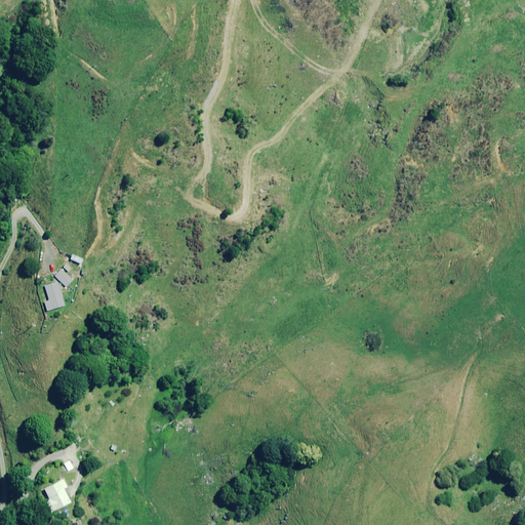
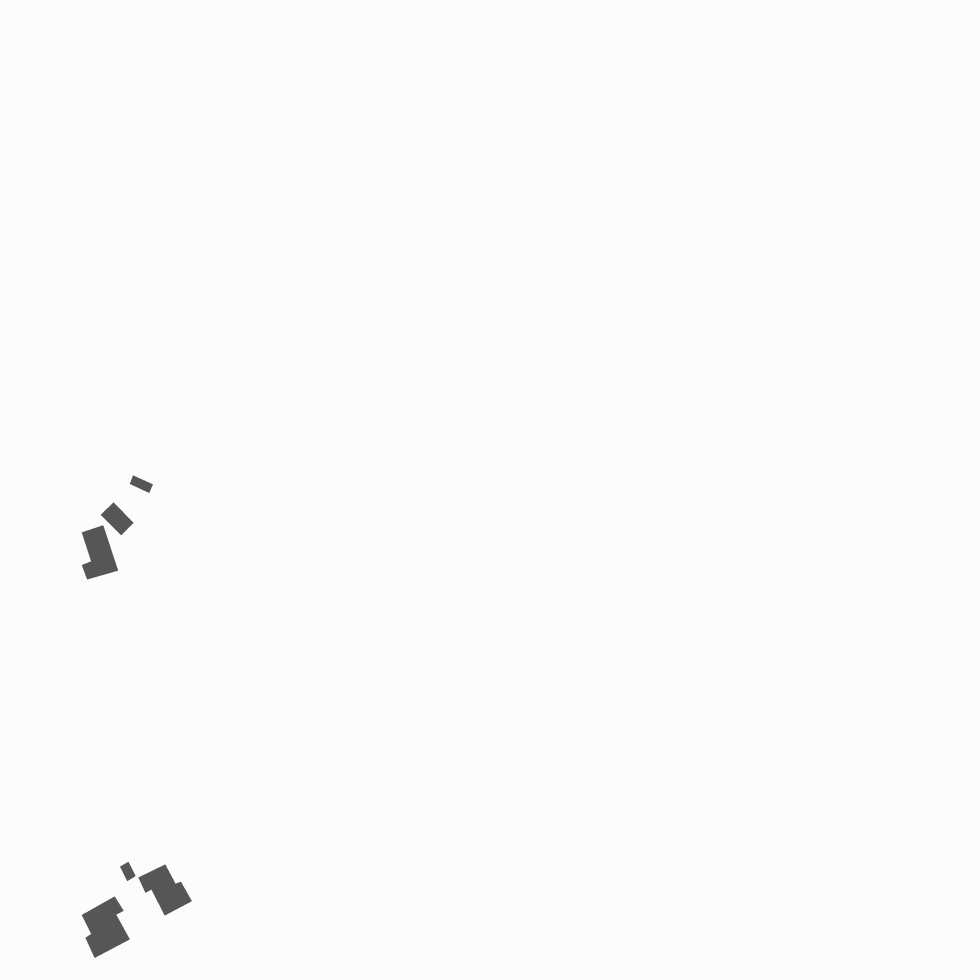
building: none -> [138,864,193,916]

